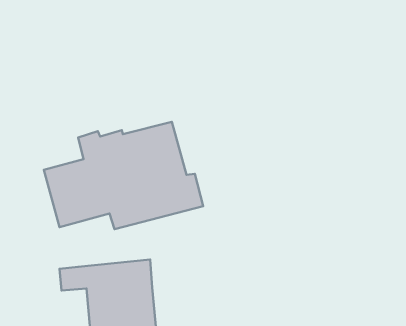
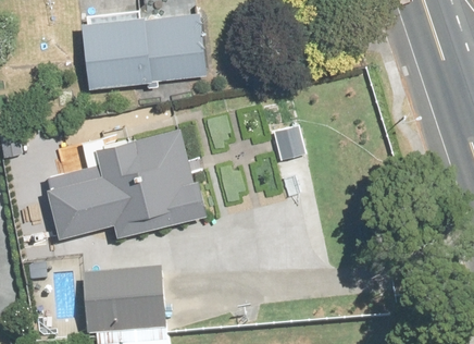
building: none -> [89,10,210,88]

